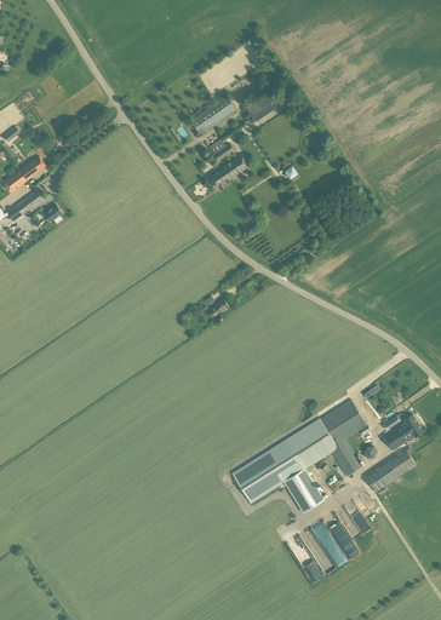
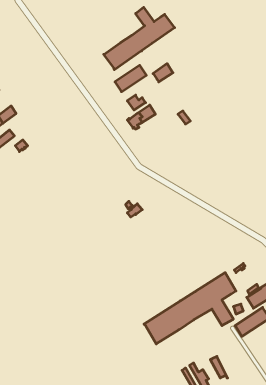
building: none -> [104,7,175,70]
building: [282,467,325,513] -> none

